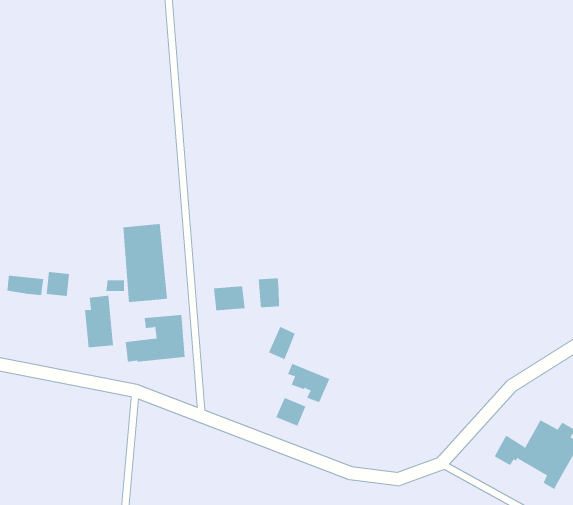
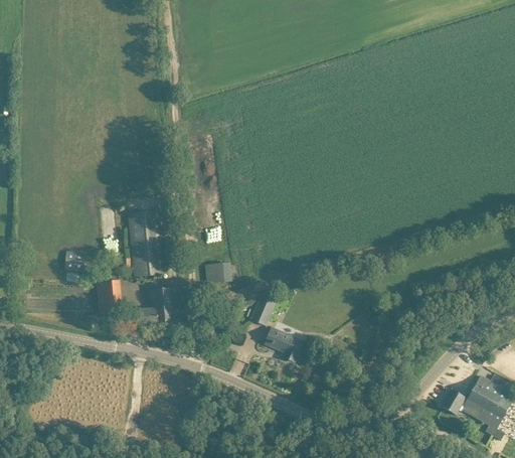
building: [7,275,44,296] -> none
building: [258,278,279,308] -> none
building: [276,397,306,426] -> none

